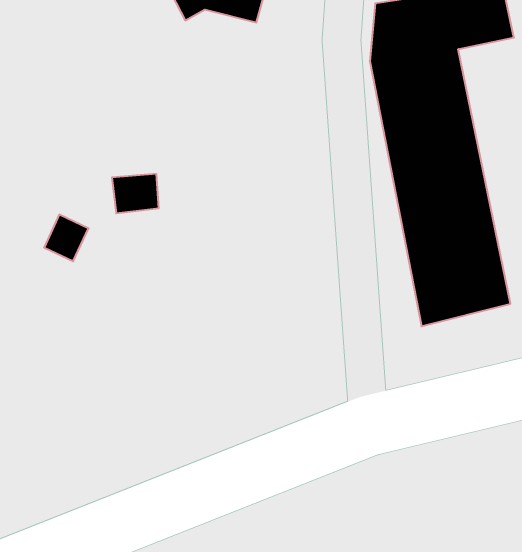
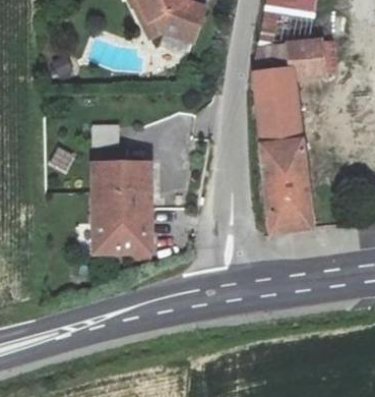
building: none -> [96,162,147,250]

